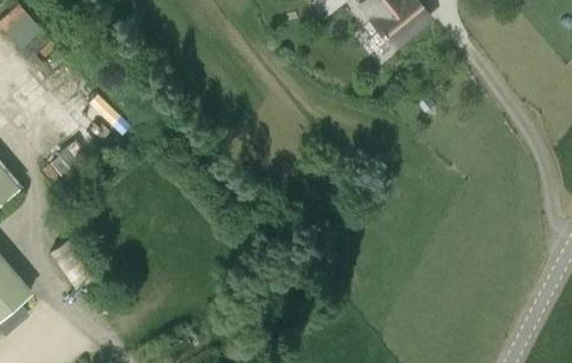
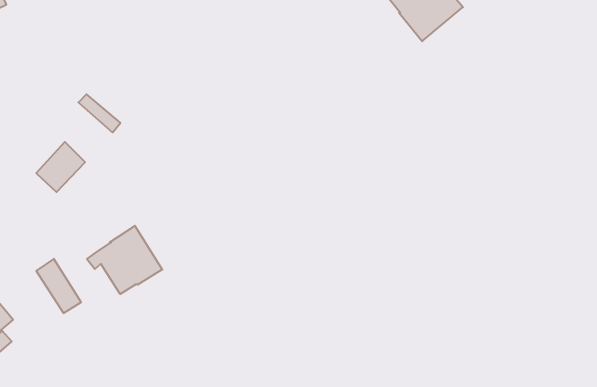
building: none -> [87,226,162,294]

